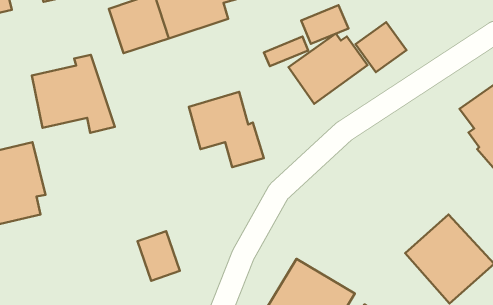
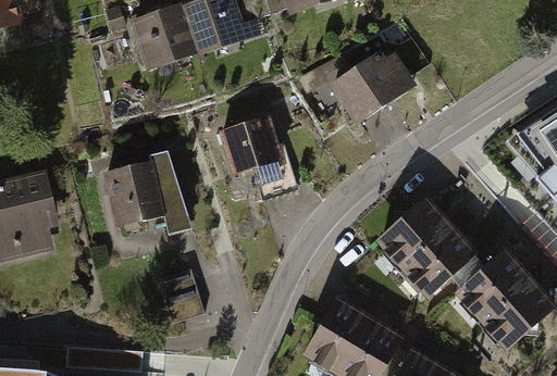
building: [301,5,348,44] -> none
building: [356,22,406,72] -> none
building: [32,55,115,133] -> [102,150,194,236]
building: none -> [376,198,472,294]

